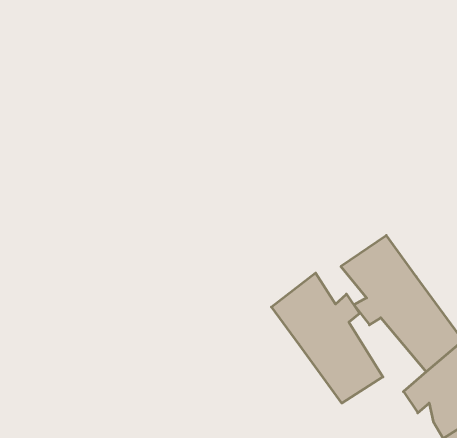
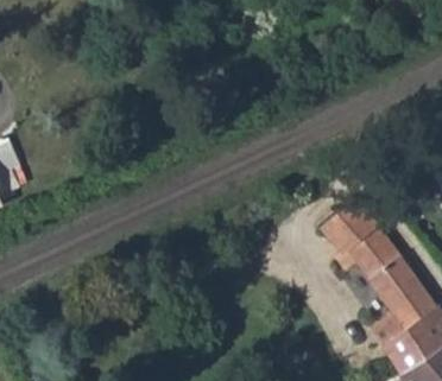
building: [271,273,383,403] -> none

